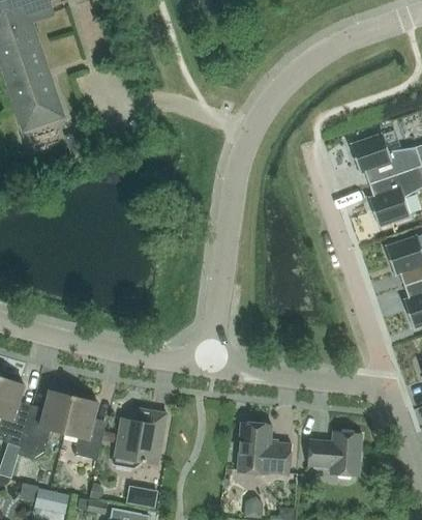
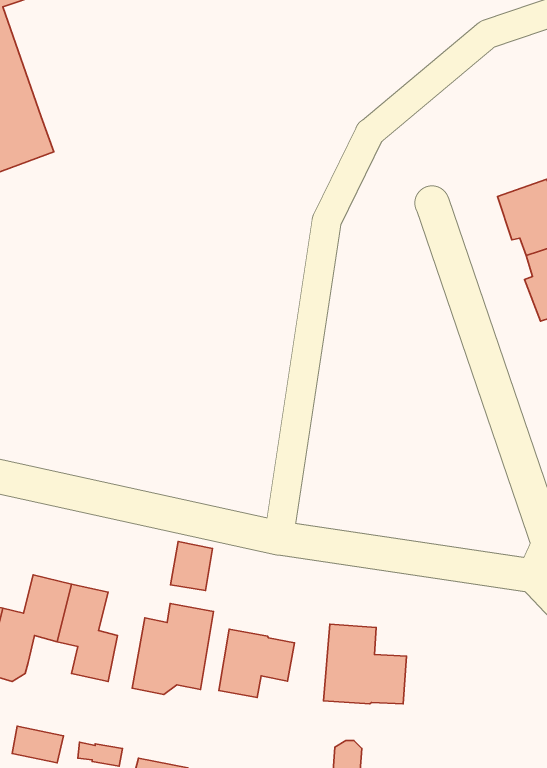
building: none -> [170,542,213,590]
building: none -> [219,629,295,697]
building: [308,431,361,474] -> none
building: [126,485,157,508] -> none

